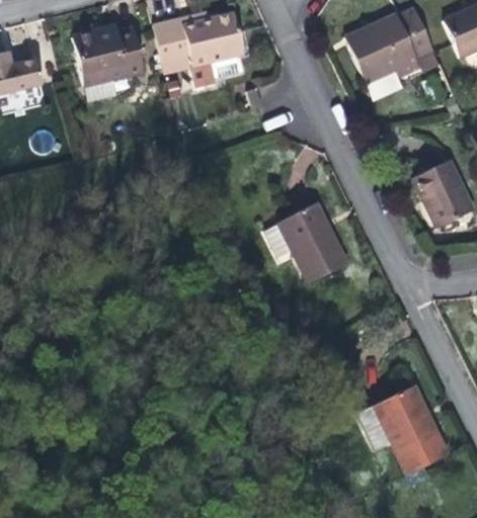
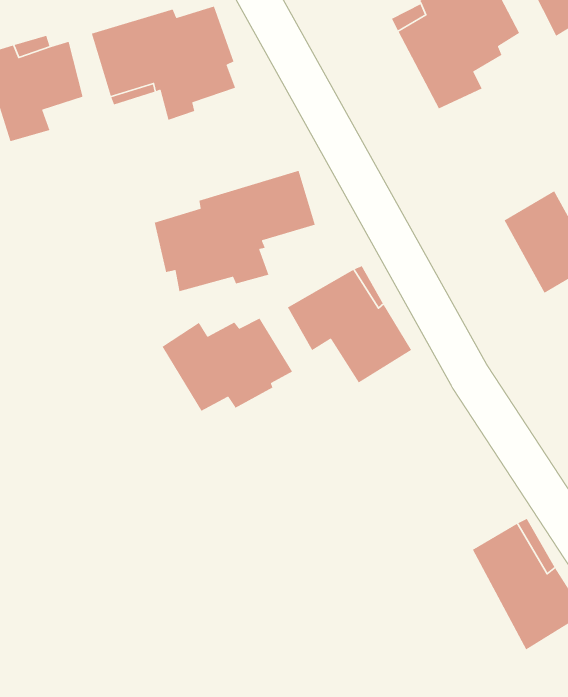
building: none -> [154,170,316,292]
building: none -> [162,317,293,412]

